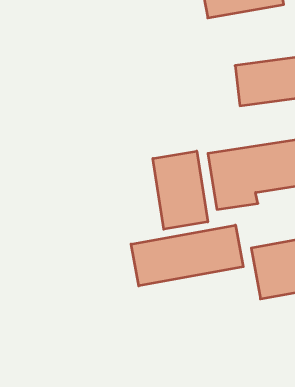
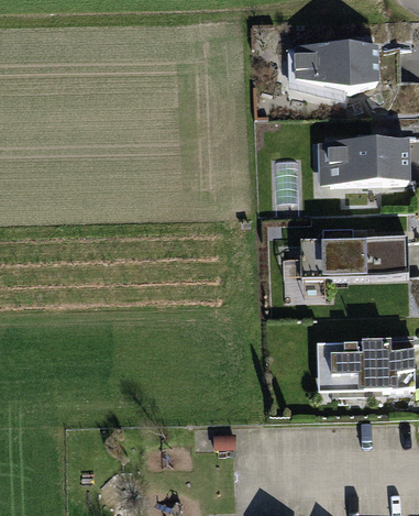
building: [153,151,208,229] -> none
building: [131,225,243,286] -> none

